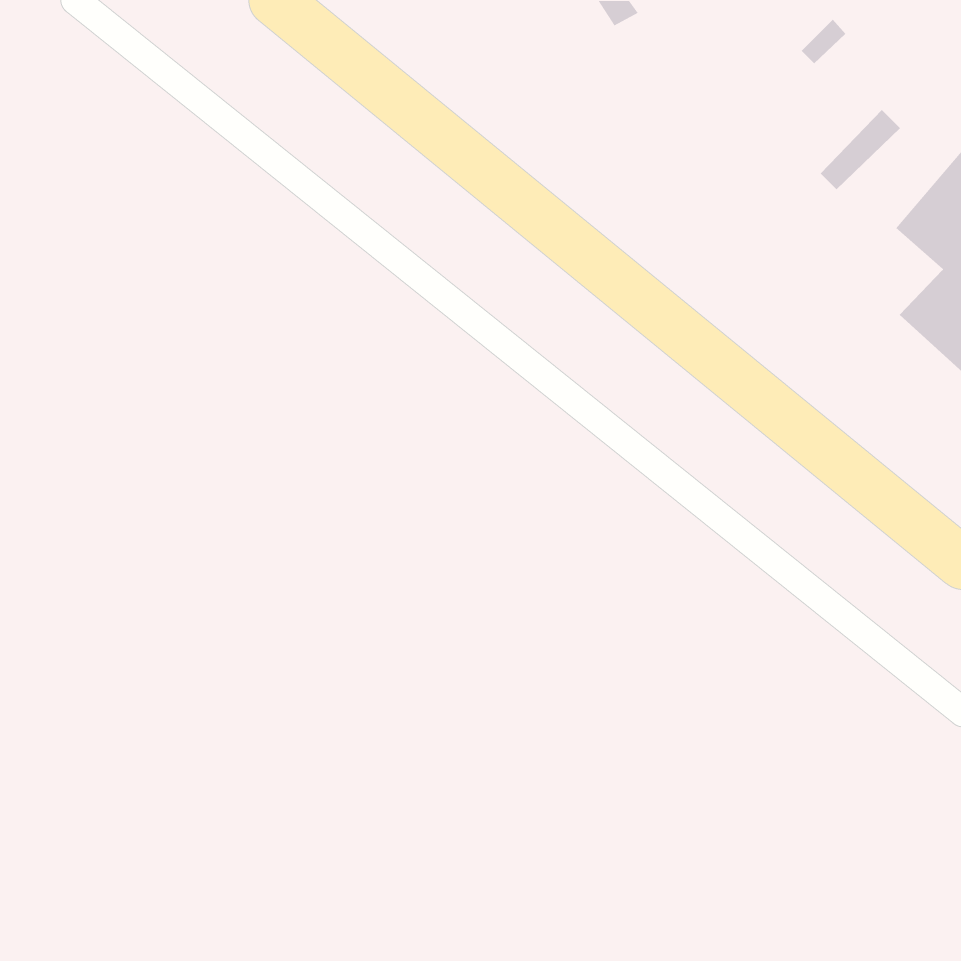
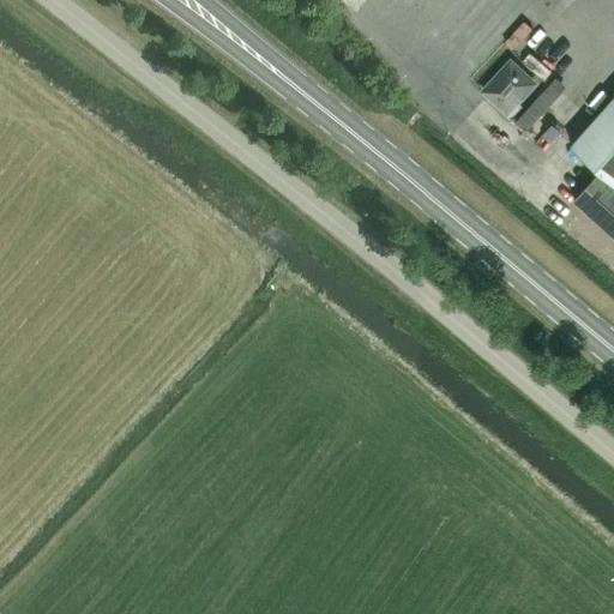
building: none -> [484,64,535,119]

